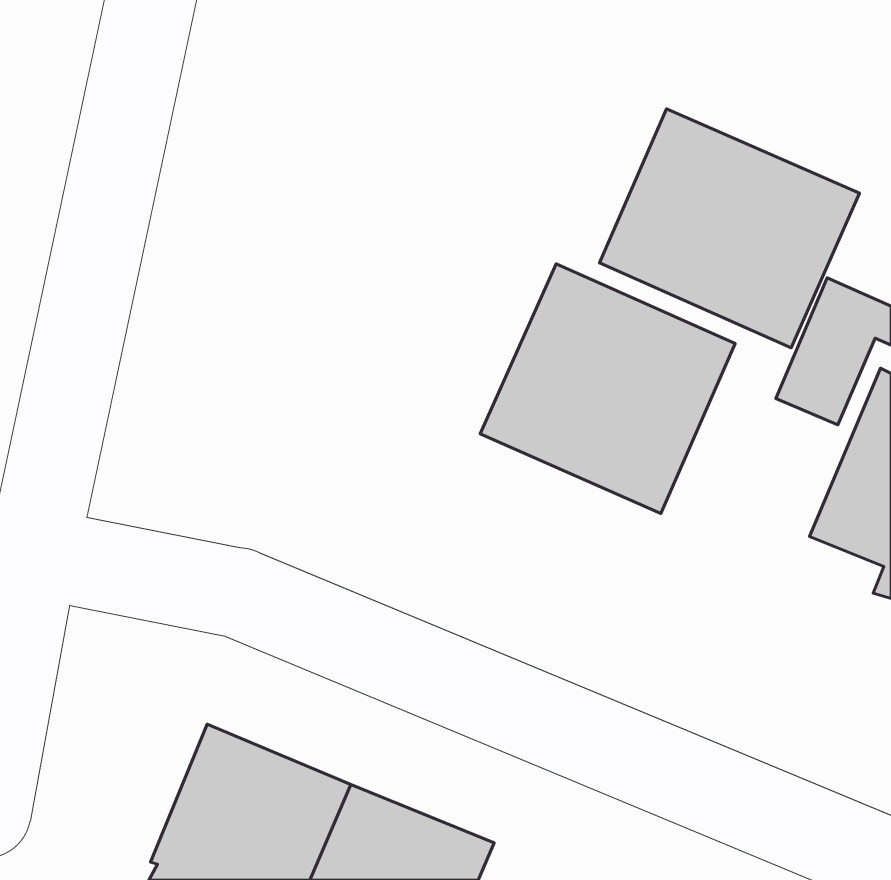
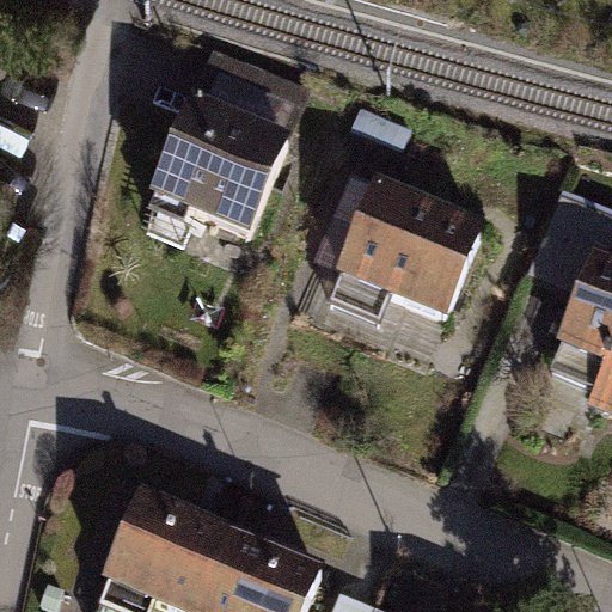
building: none -> [142,43,306,261]
building: [599,109,859,348] -> none

